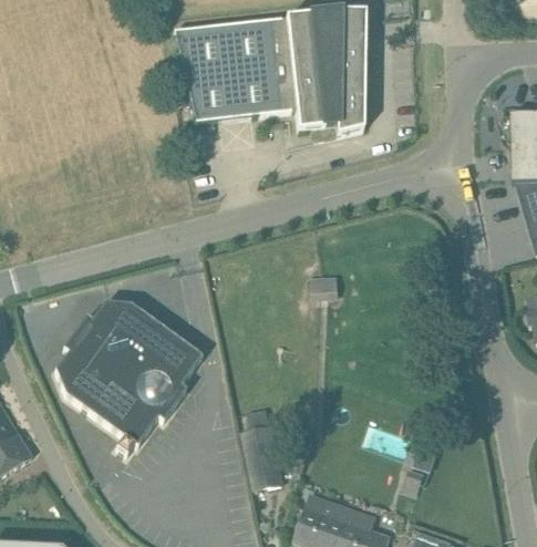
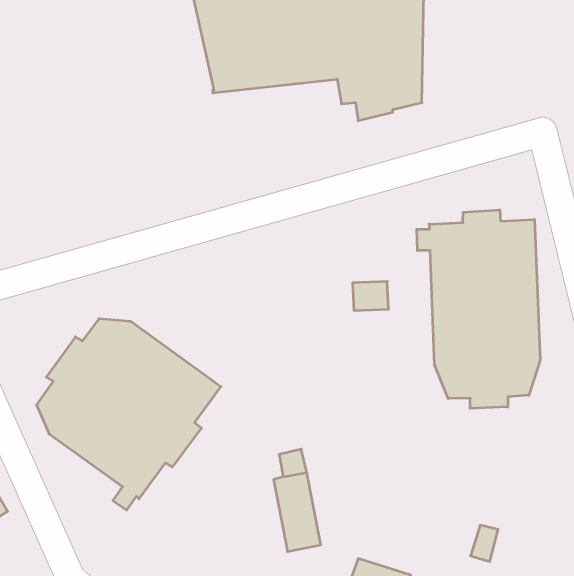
building: none -> [417,210,540,408]

